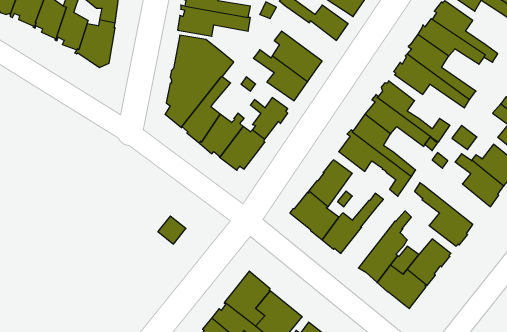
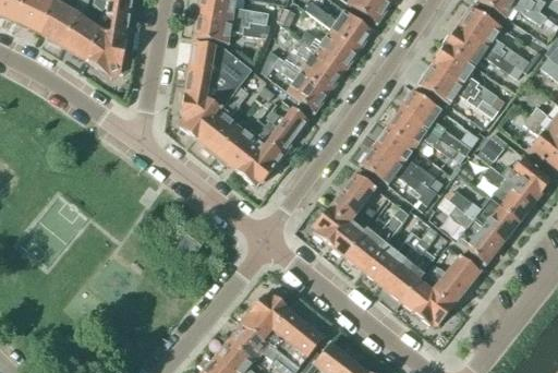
building: none -> [302,27,360,70]
building: none -> [450,191,521,241]
building: none -> [364,231,421,287]

